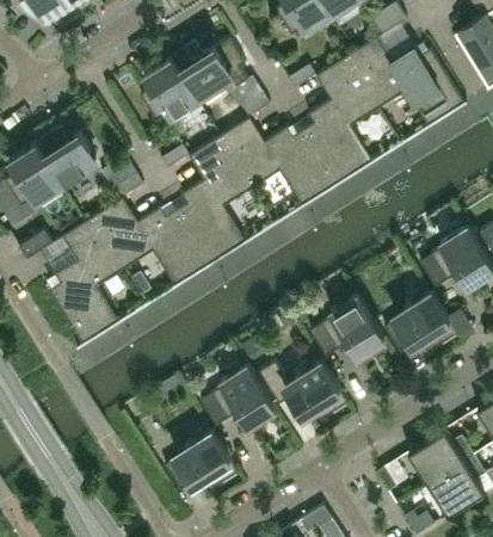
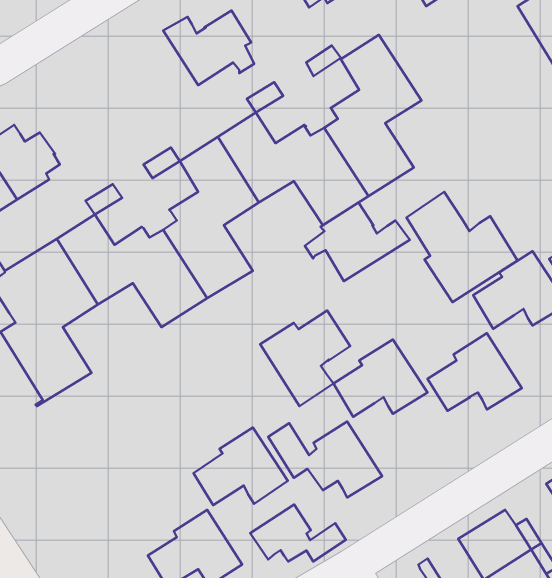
building: [346,38,467,126] -> none
building: [140,54,204,121] -> none
building: none -> [407,192,518,302]
building: none -> [305,203,410,281]
building: none -> [260,311,350,406]
building: none -> [250,504,346,561]

